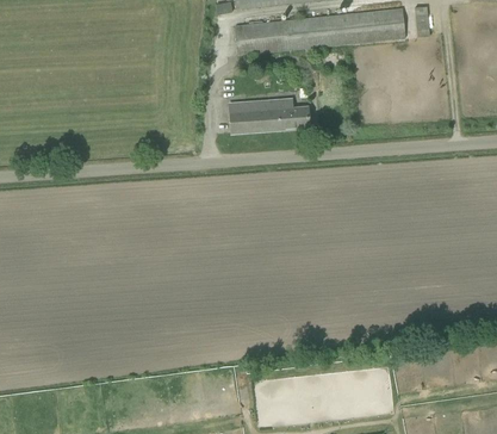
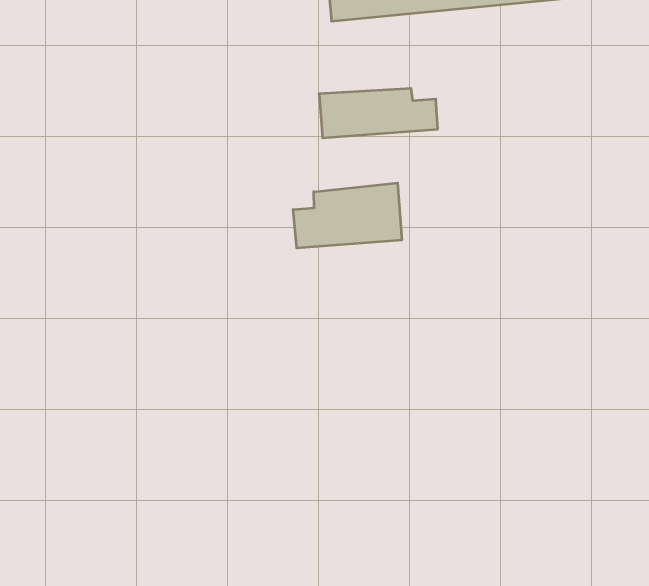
building: none -> [293,183,402,248]

